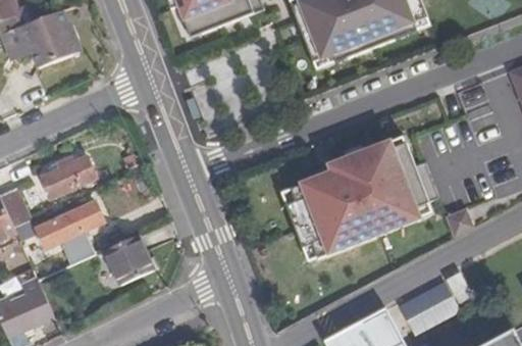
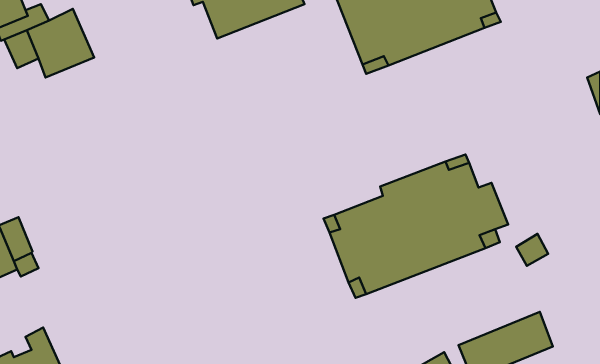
building: [44,154,97,199] -> none
building: [37,202,104,249] -> none
building: [103,238,153,287] -> none

